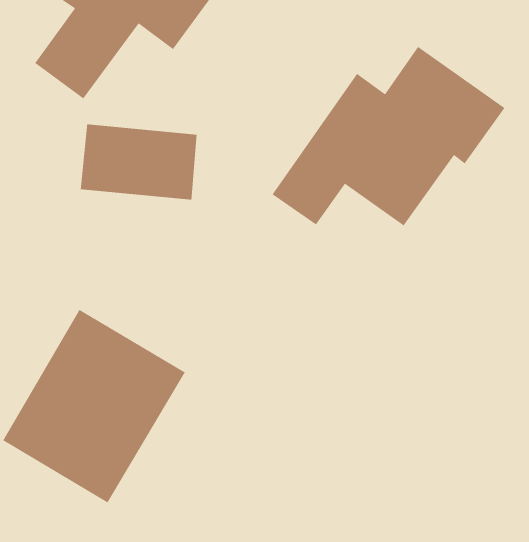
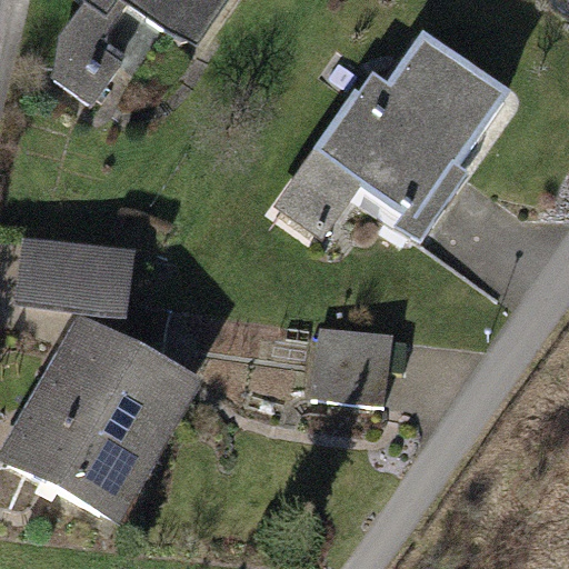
building: [80,124,198,201] -> [14,233,137,313]
building: none -> [310,325,398,403]

